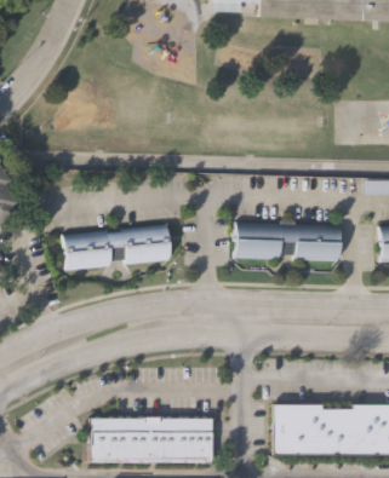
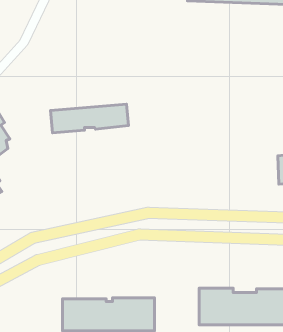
building: [236,221,341,261] -> none
building: [63,225,168,264] -> [51,104,128,133]

